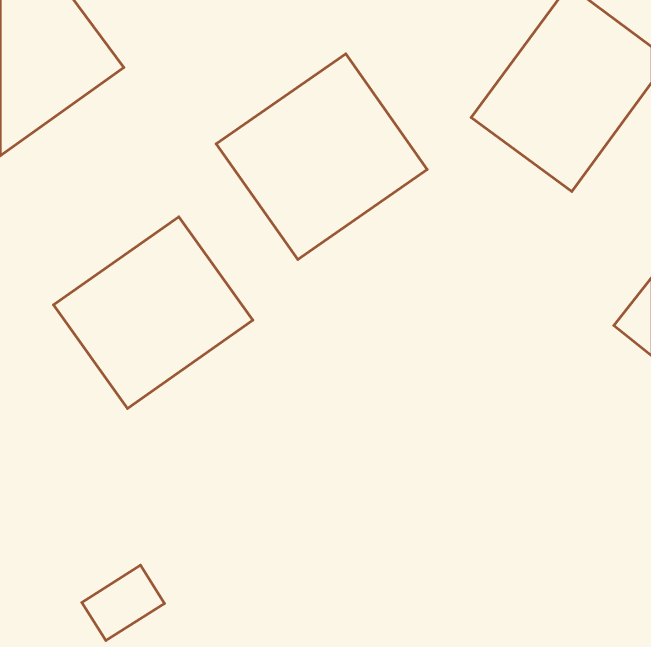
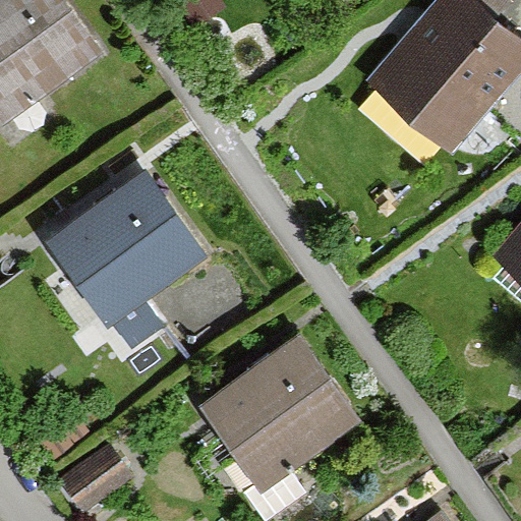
building: [216,54,427,259] -> none
building: none -> [198,337,356,489]

